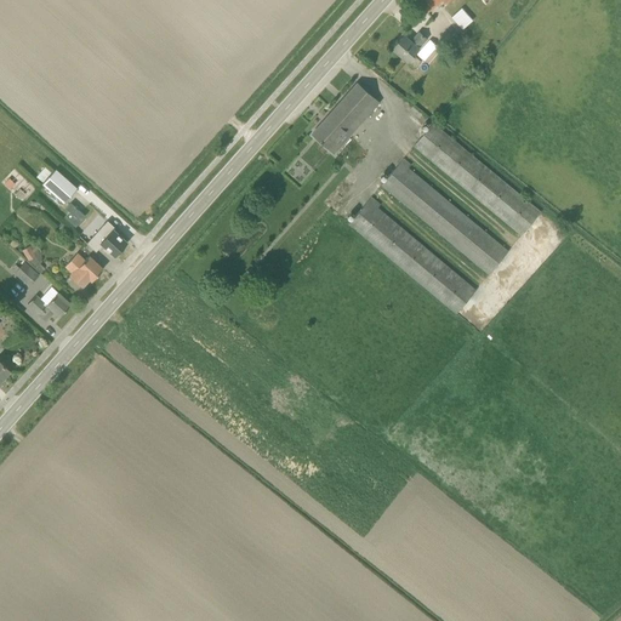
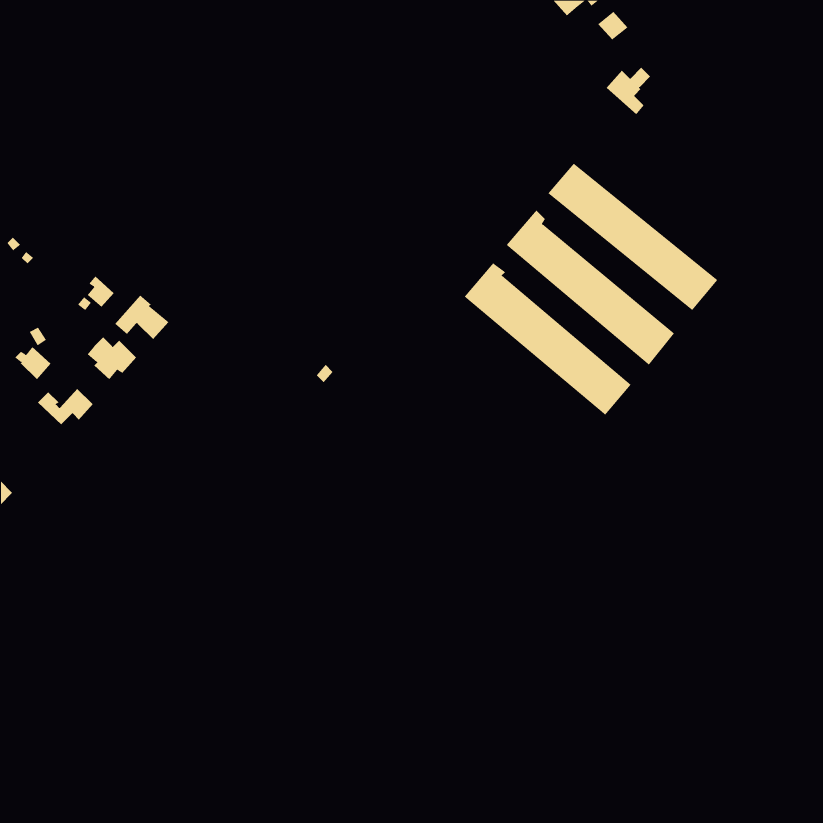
building: [392,33,426,69] -> [606,67,651,115]
building: [312,84,378,153] -> none
building: [42,169,78,203] -> none

